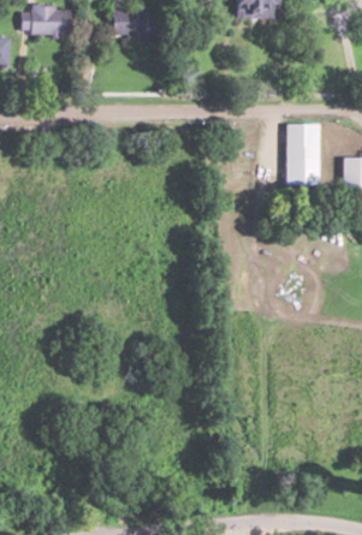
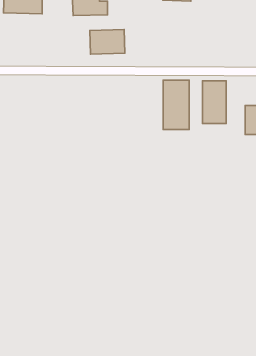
building: none -> [90,29,125,54]
building: none -> [163,80,189,130]

